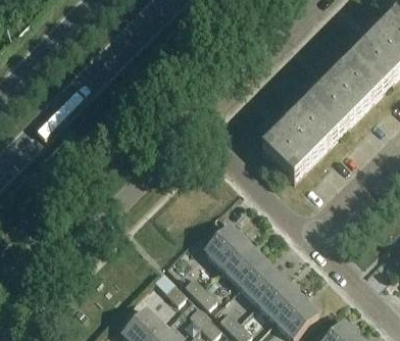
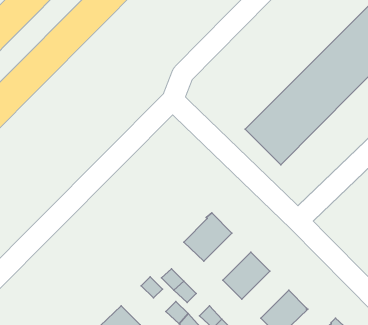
building: [221,240,264,283] -> none
building: [256,275,299,318] -> none

